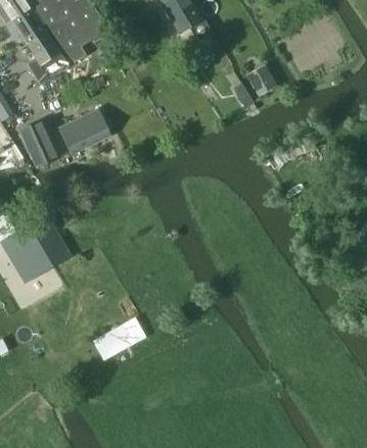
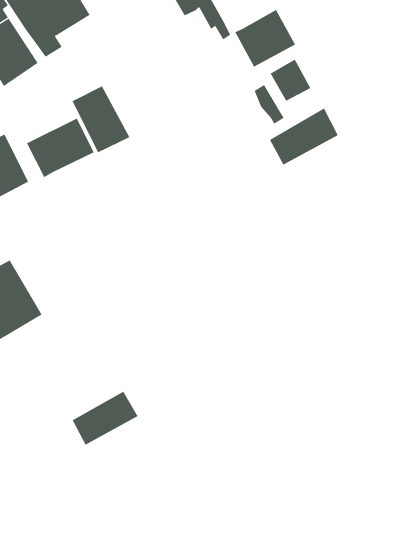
building: none -> [234,9,296,68]
building: none -> [72,86,130,153]
building: none -> [269,108,338,166]

